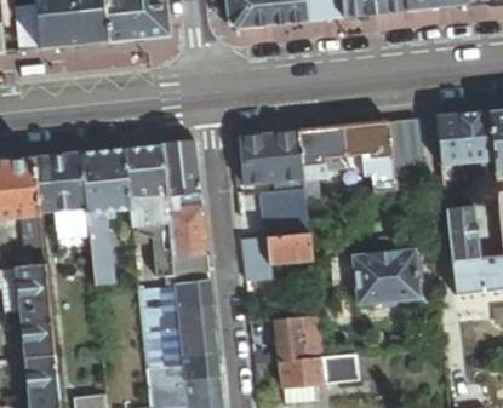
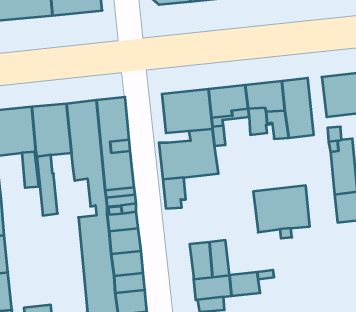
building: [267,234,311,265] -> none

